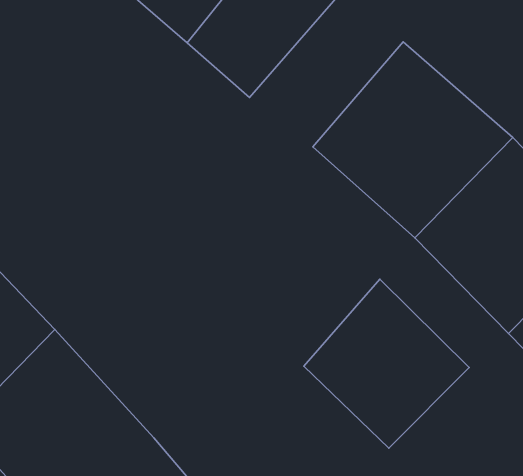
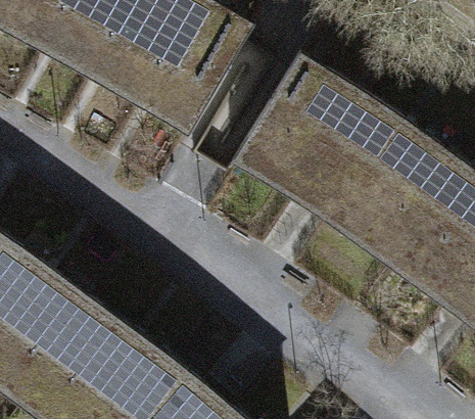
building: [304,279,469,448] -> none

